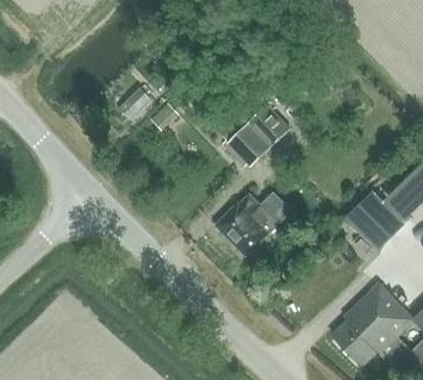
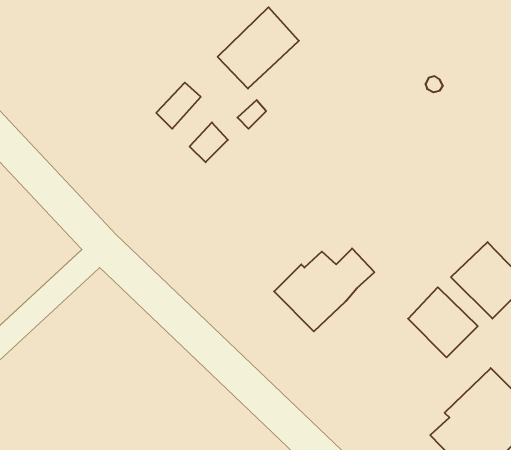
building: [228,104,288,164] -> [218,7,299,89]
building: none -> [408,287,478,357]

